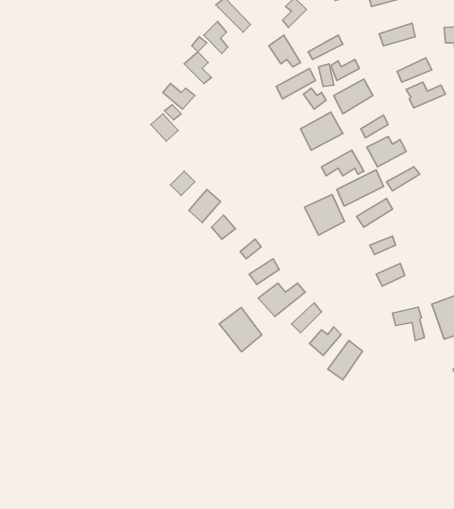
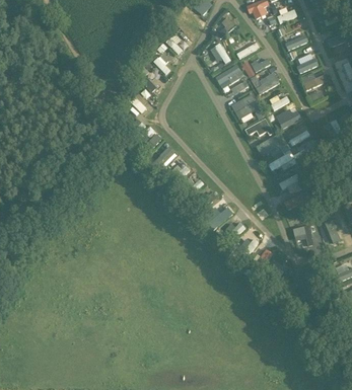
building: [305,194,345,235] -> none
building: [219,307,262,352] -> none

